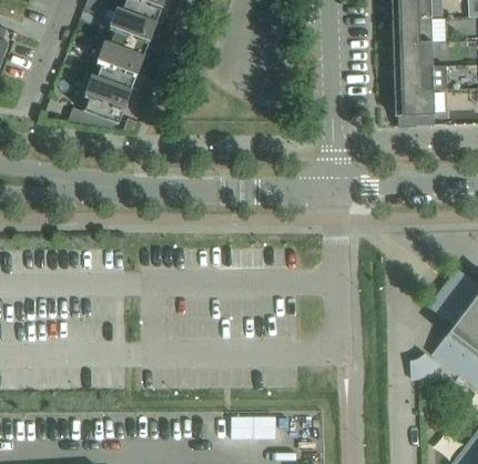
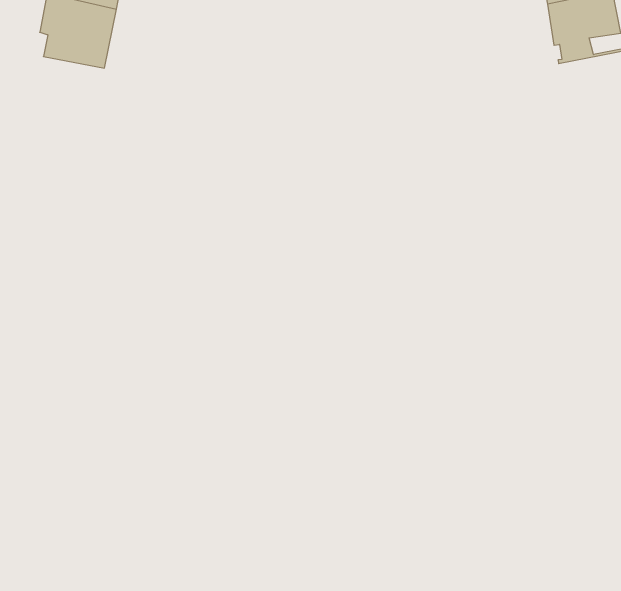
building: [84,74,132,123] -> none

